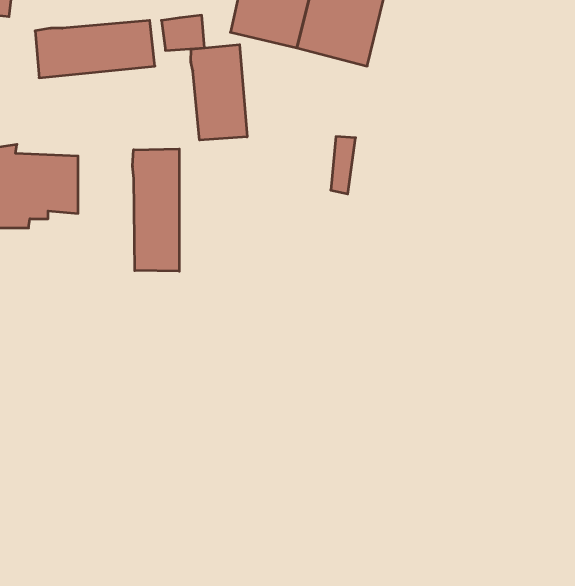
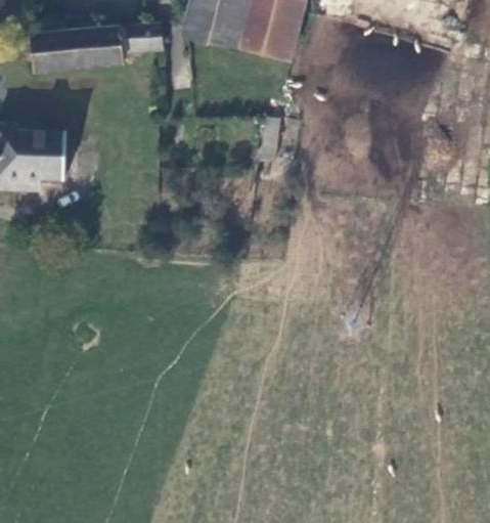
building: [191,45,247,140] -> none
building: [133,149,179,271] -> none

